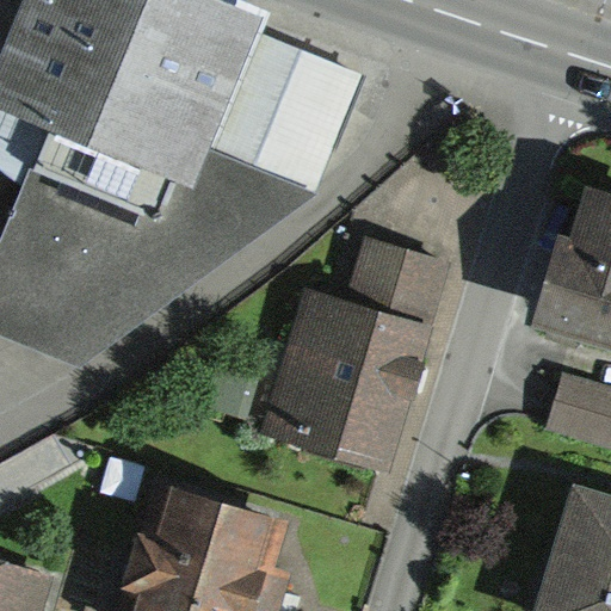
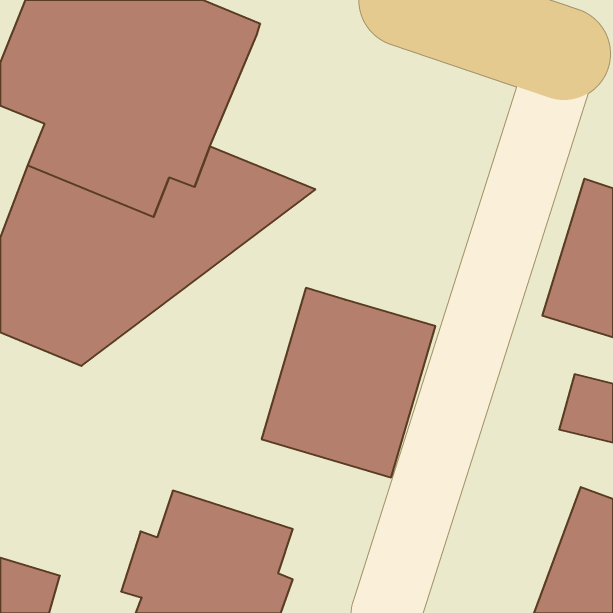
building: [209,35,359,189] -> none
building: [344,239,451,325] -> none

